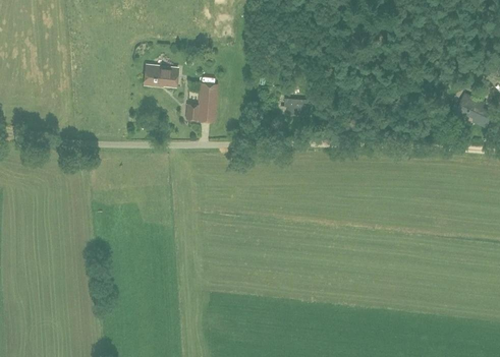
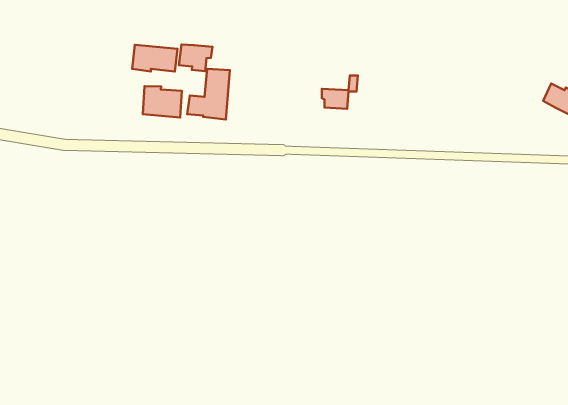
building: none -> [179,45,212,71]
building: none -> [143,86,182,117]

